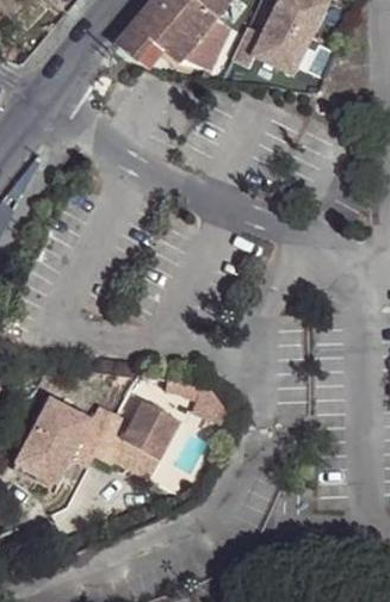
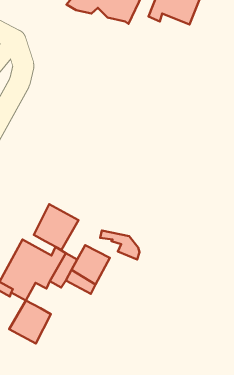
building: none -> [34,204,79,250]
building: none -> [9,300,51,344]

